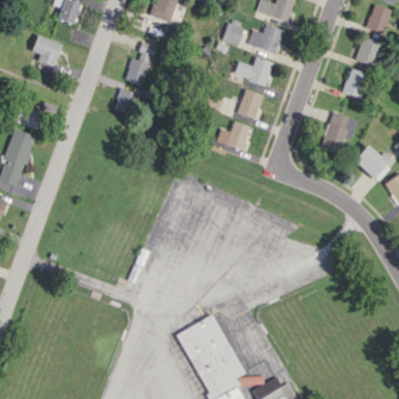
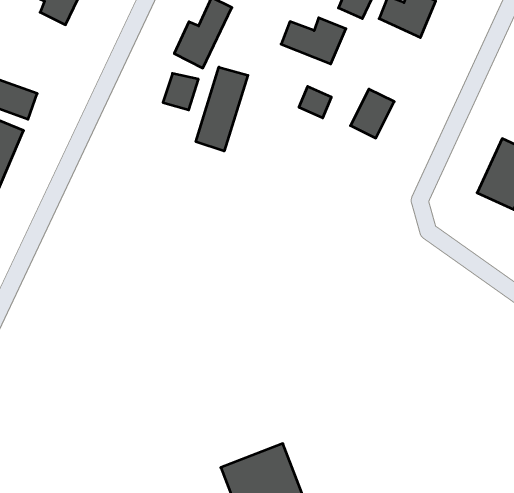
building: [235,57,274,85] -> [281,18,346,64]
building: none -> [196,67,248,151]
building: [217,121,251,149] -> none

